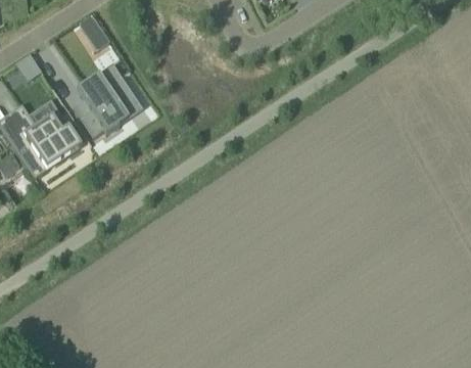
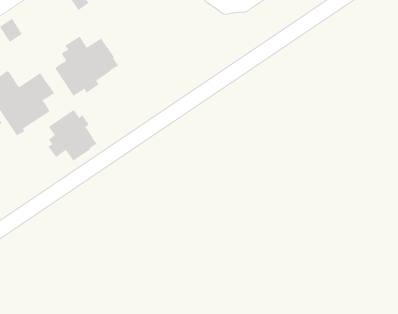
building: none -> [48,109,98,161]

